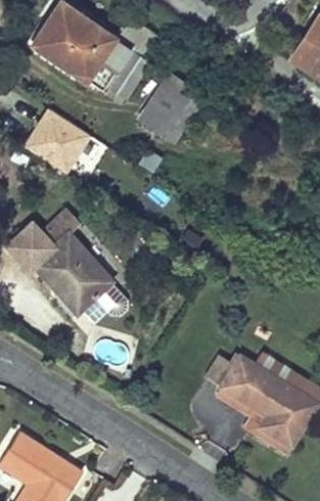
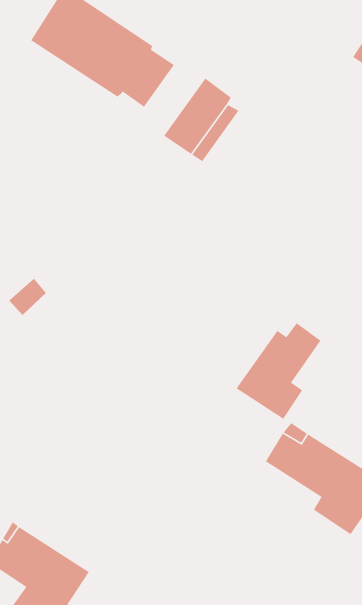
building: [21,106,91,173] -> none
building: [34,208,127,320] -> none
building: none -> [235,322,322,420]

